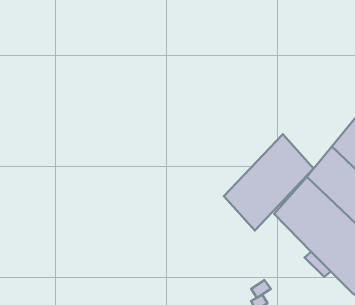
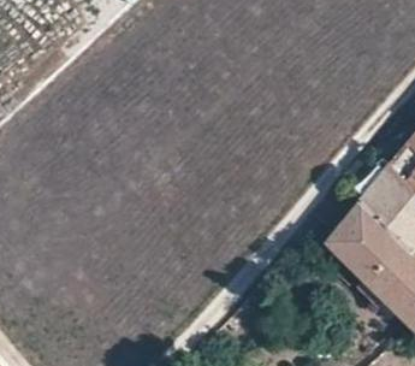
building: [224,134,314,230] -> none

